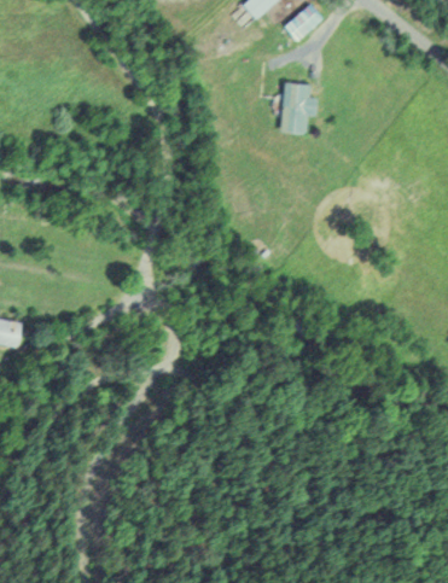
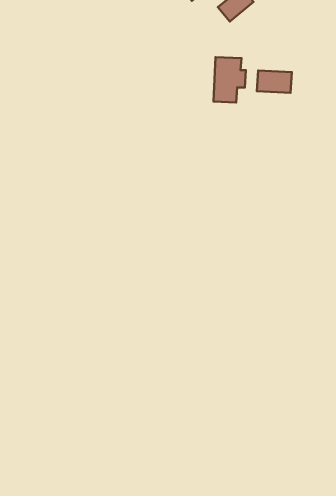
building: none -> [257,70,292,93]

